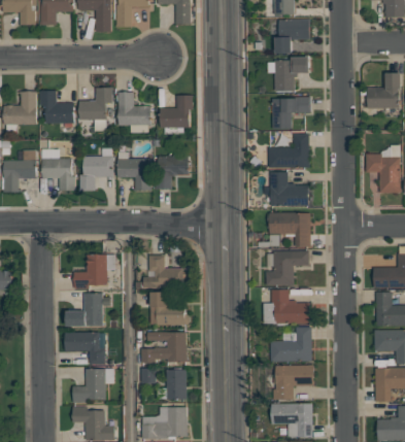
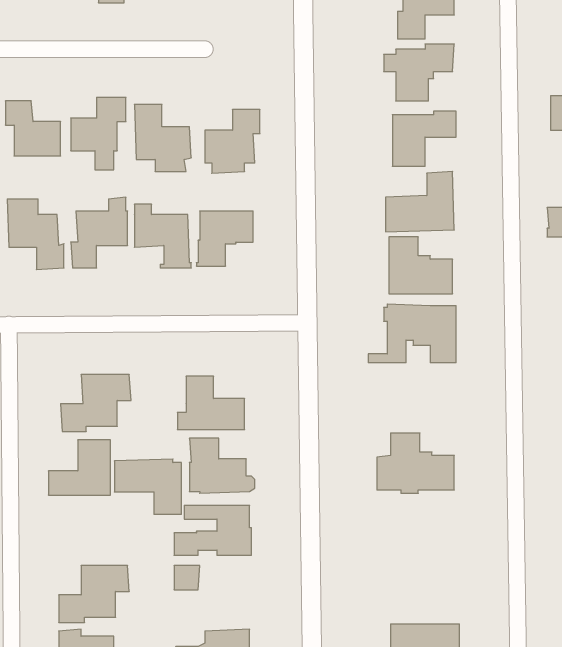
building: [265,251,309,285] -> none
building: [270,328,311,362] -> none
building: [65,332,105,365] -> [114,459,181,514]
building: [273,366,313,400] -> none
building: [157,370,187,400] -> none

